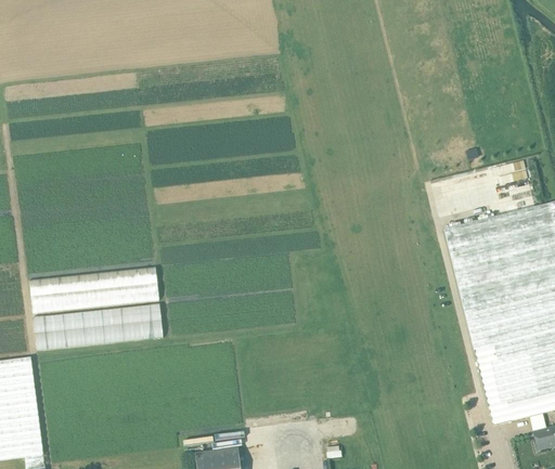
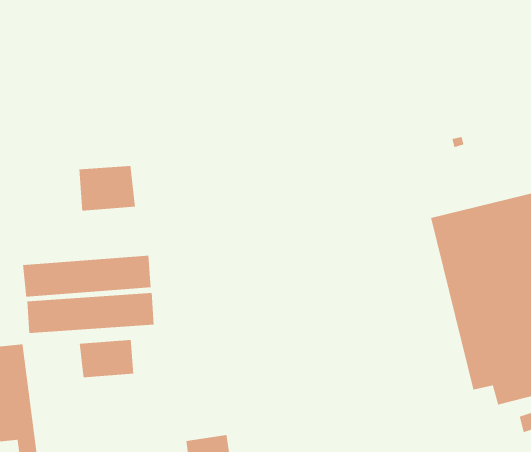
building: none -> [78,165,136,211]
building: none -> [79,339,134,378]

